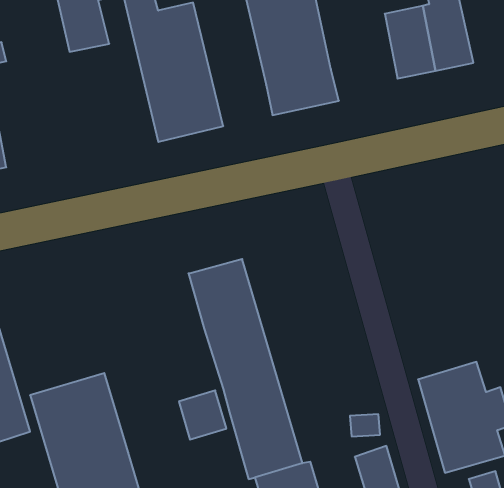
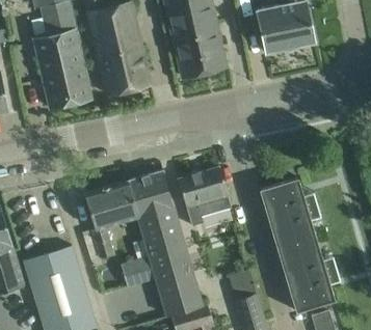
building: none -> [33,30,90,108]
building: none -> [178,167,231,226]
building: none -> [259,177,320,250]
building: none -> [84,181,137,258]

